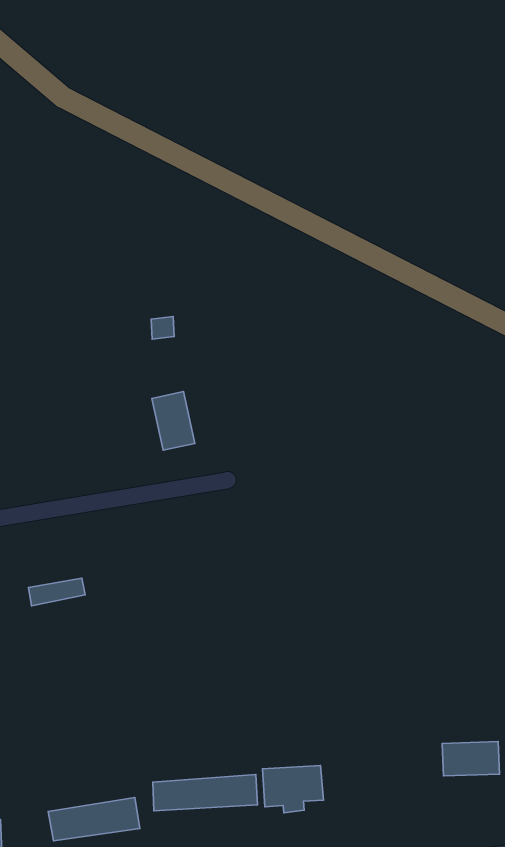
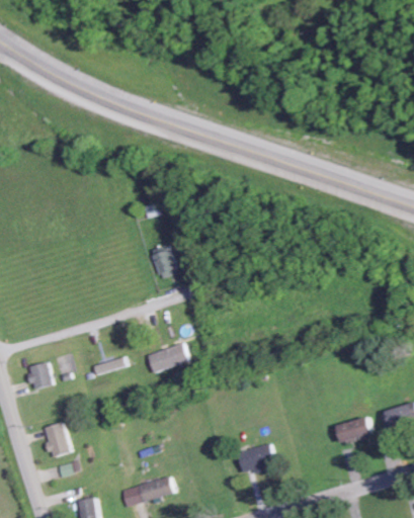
building: none -> [147,342,188,372]
building: [153,775,258,811] -> none

